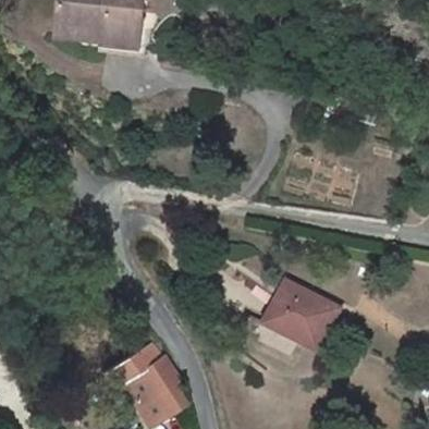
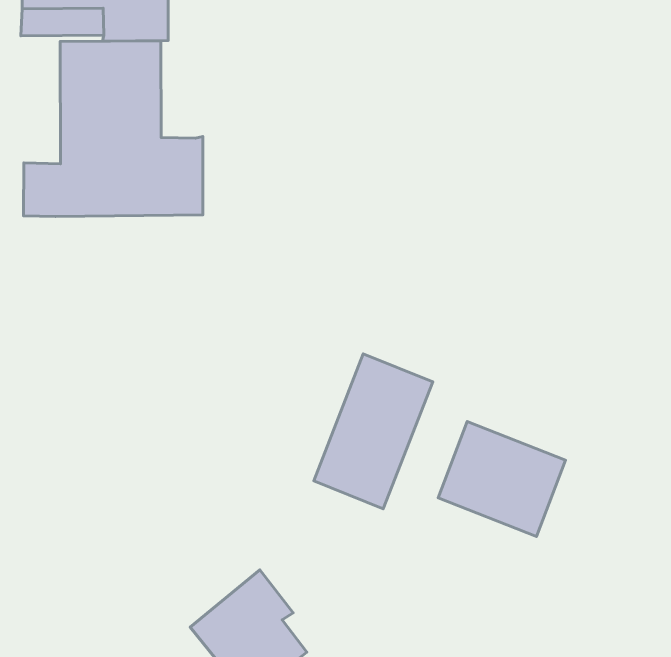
building: none -> [24,41,203,216]
building: none -> [314,354,433,509]

